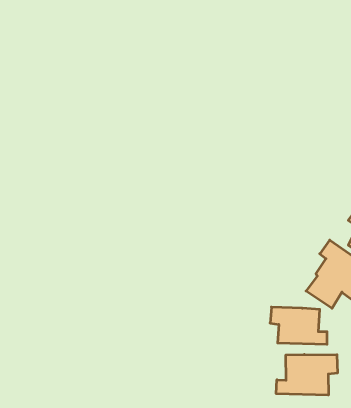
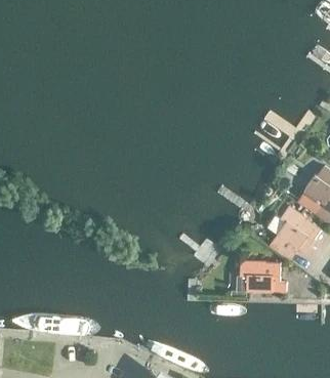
building: [276,354,337,395] -> none

